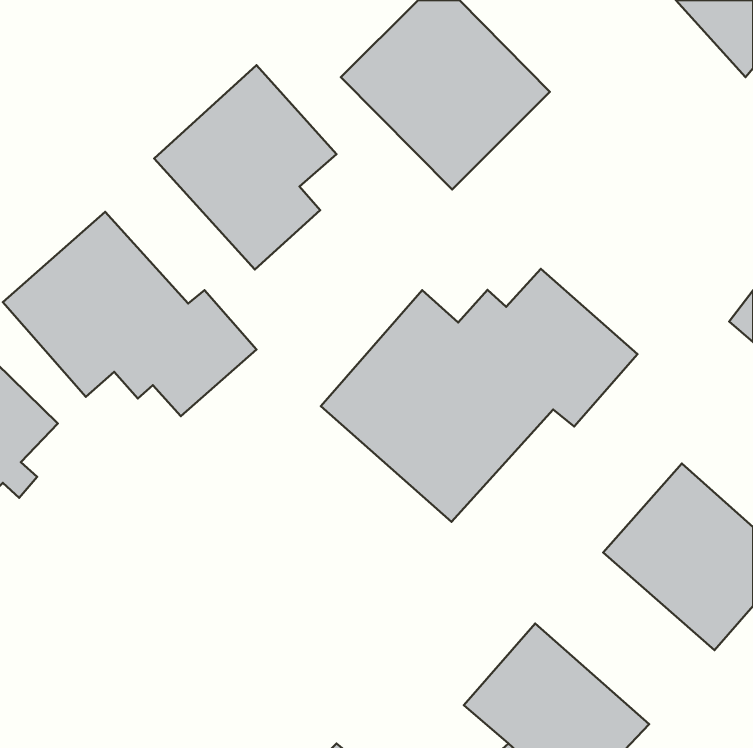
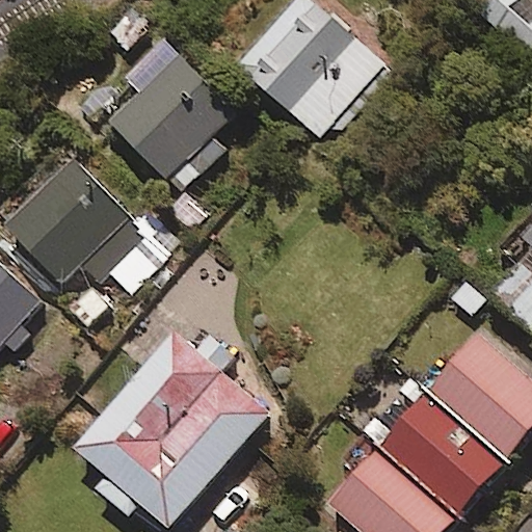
building: [321,269,638,522] -> none
building: none -> [75,331,268,527]
building: none -> [367,384,501,514]

